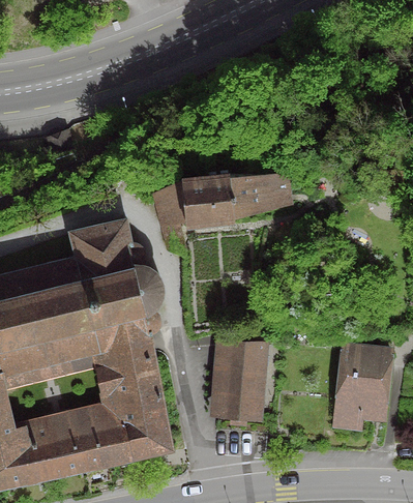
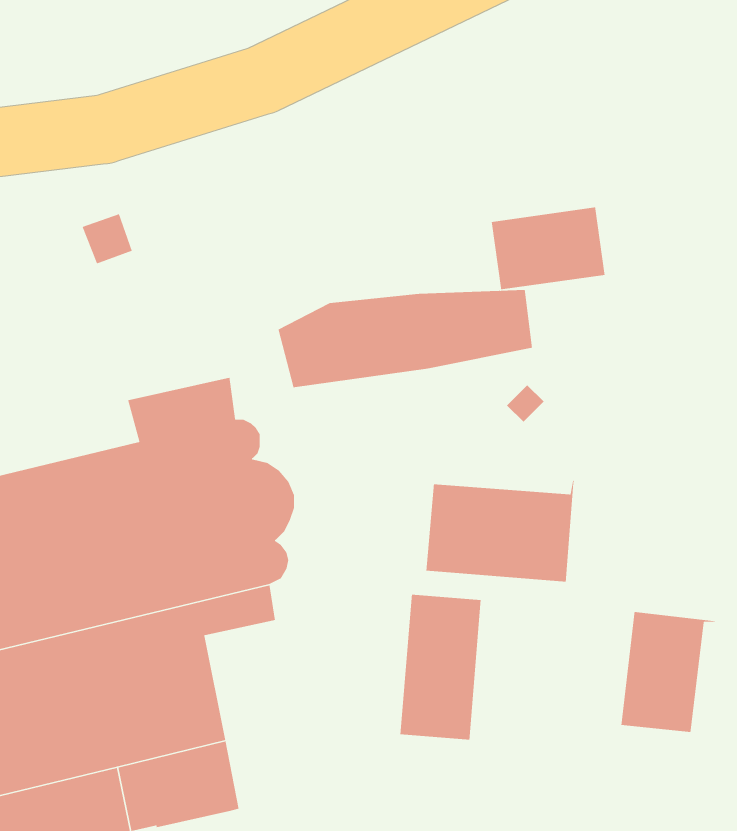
building: none -> [491,207,606,290]
building: none -> [425,480,575,583]
building: [113,356,170,458] -> none

